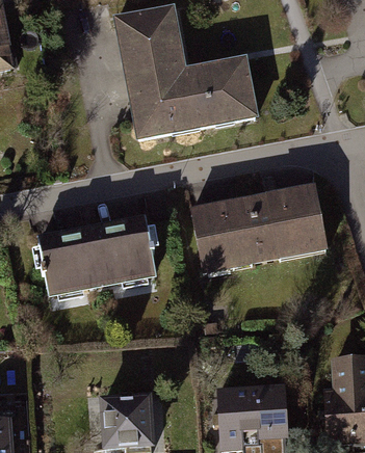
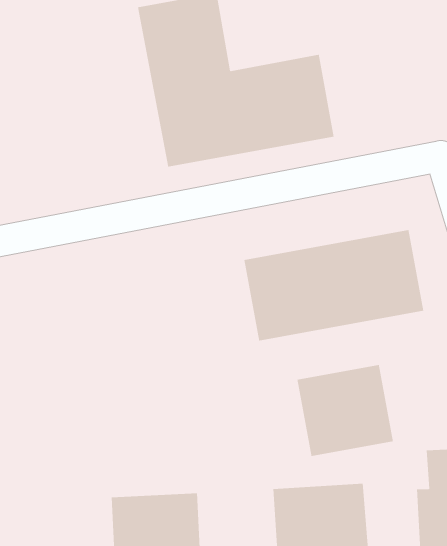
building: [45,216,155,297] -> none
building: none -> [297,364,393,457]

